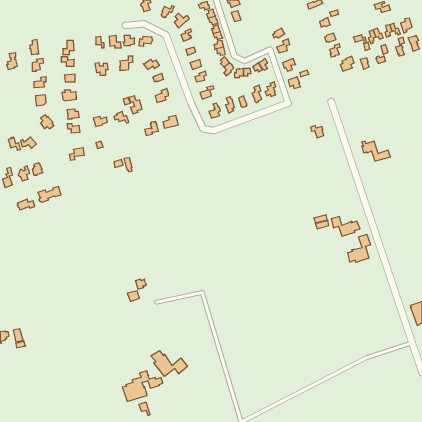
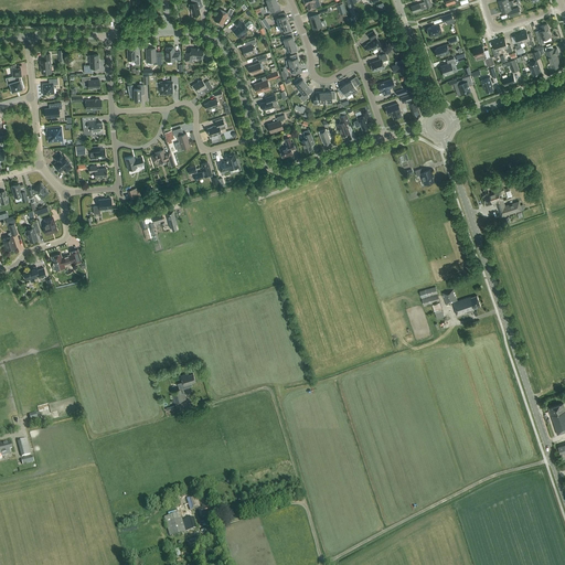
building: [348,234,370,262] -> none
building: [151,351,188,376] -> none

